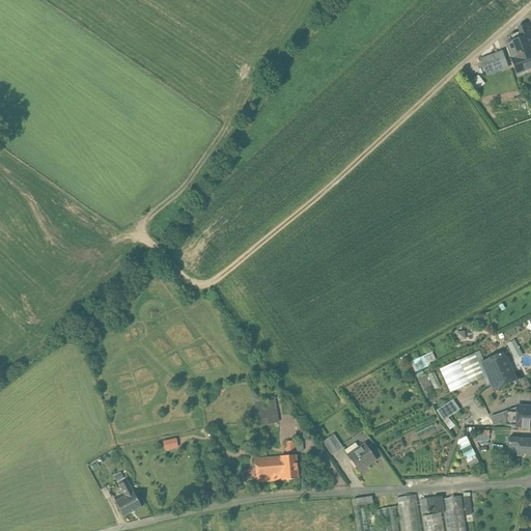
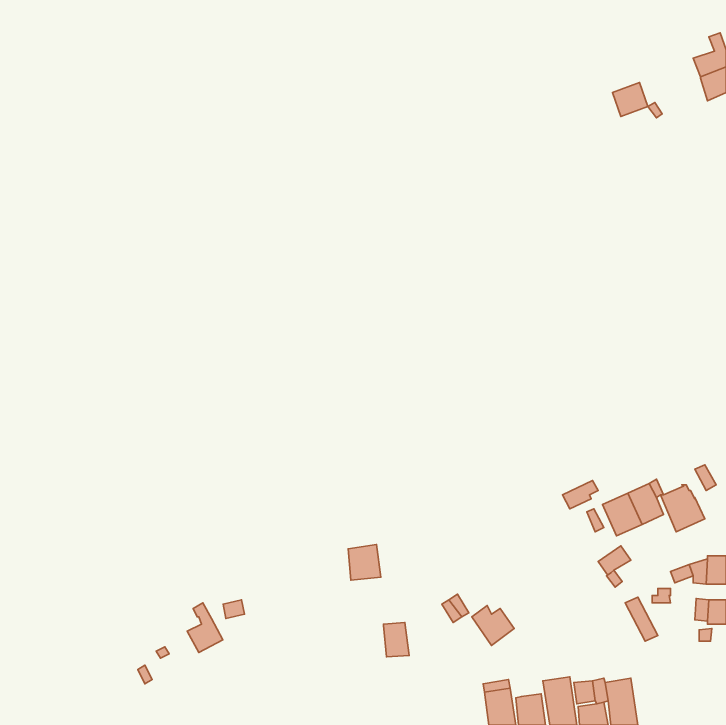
building: [481,51,507,76] -> [612,82,648,117]
building: [256,456,282,481] -> none
building: [115,479,141,515] -> [187,603,223,652]

